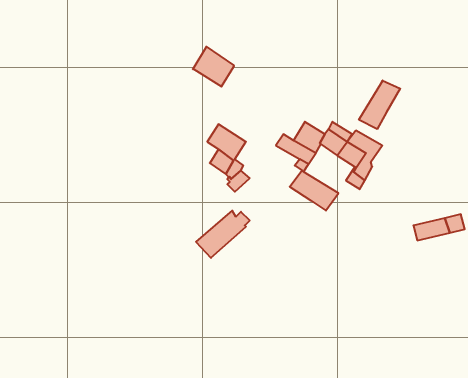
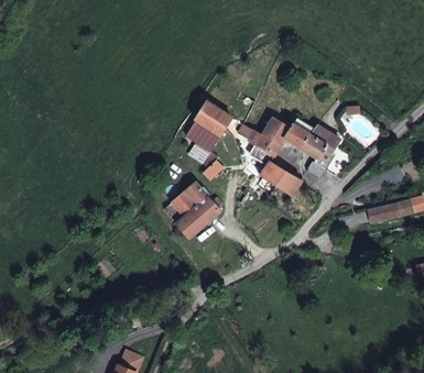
building: [193,47,234,87] -> [195,100,231,135]
building: [359,80,400,129] -> none
building: none -> [164,182,208,223]

